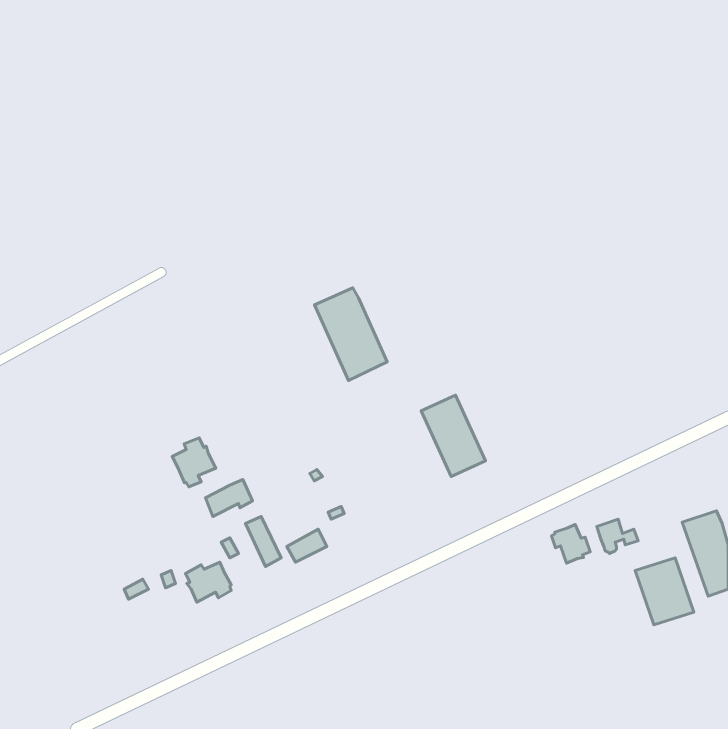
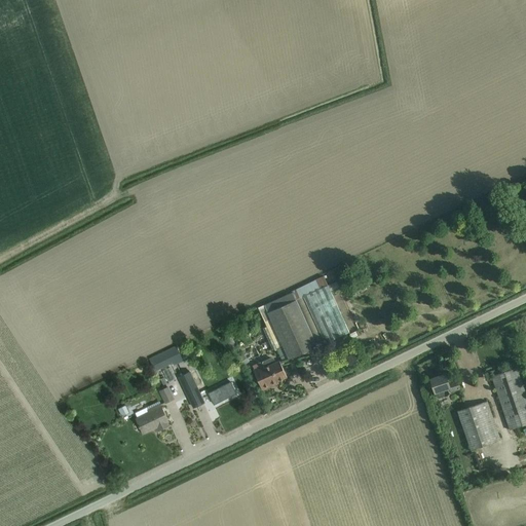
building: [314,288,387,380] -> [264,293,316,360]
building: [172,438,216,487] -> none
building: none -> [254,358,287,390]
building: [552,524,590,563] -> none

